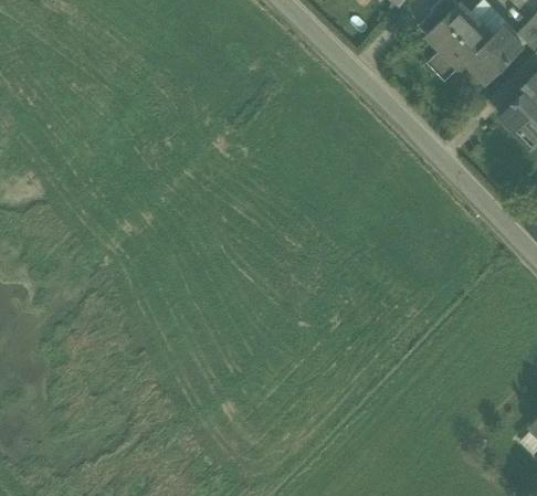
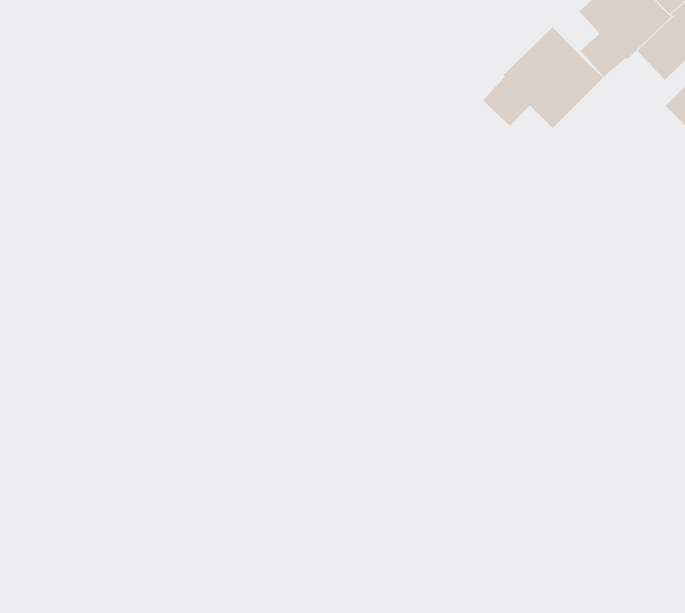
building: none -> [482,26,604,129]

